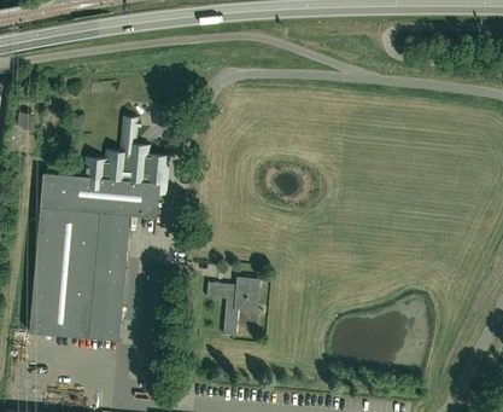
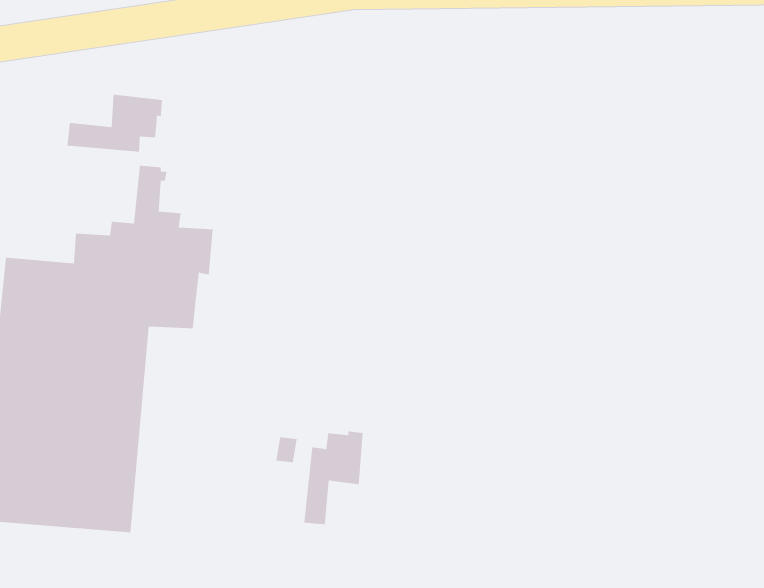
building: none -> [67,94,162,152]

